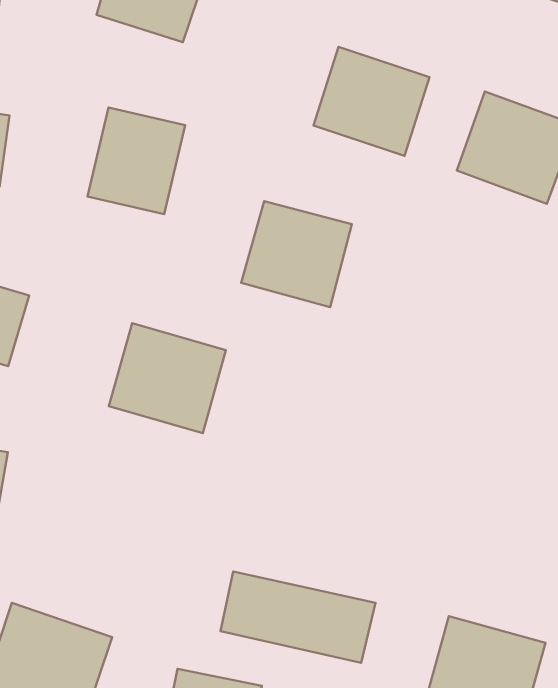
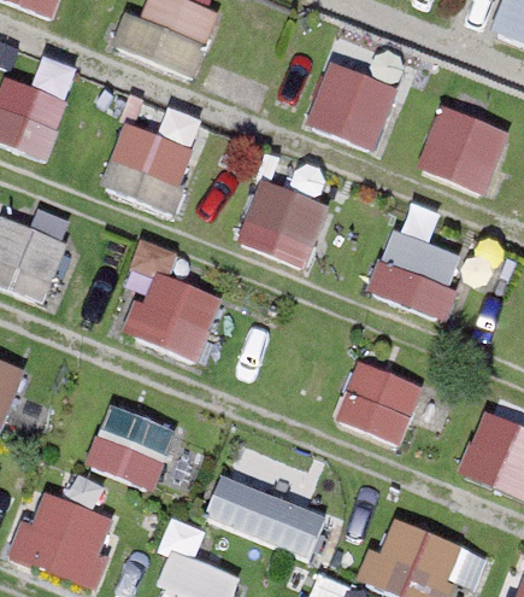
building: none -> [365,232,465,321]
building: none -> [334,363,422,443]
building: none -> [82,404,178,491]

